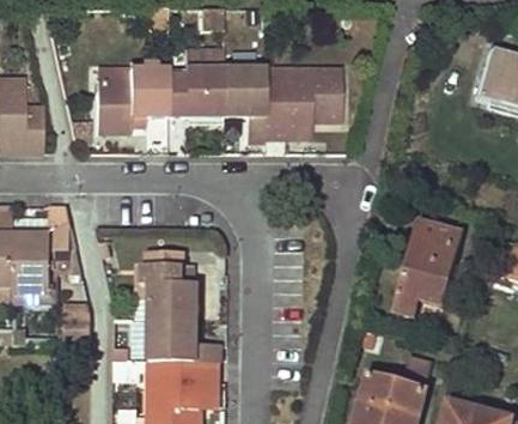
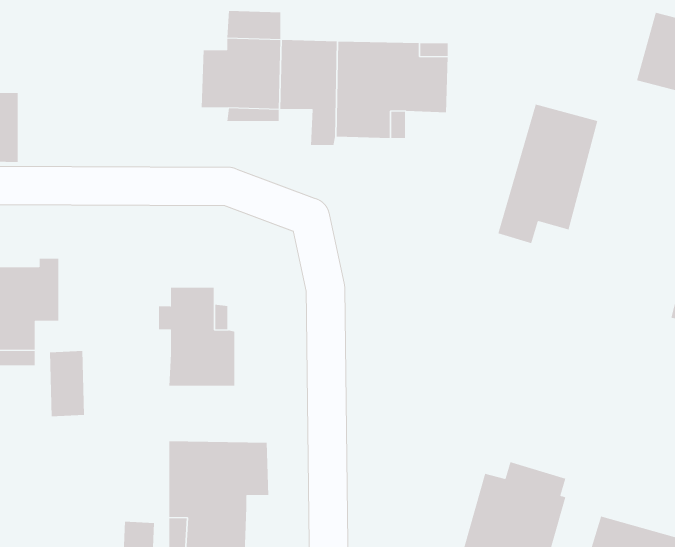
building: [100,65,170,131] -> none
building: [392,217,463,315] -> [498,104,598,244]
building: [146,310,217,350] -> none

